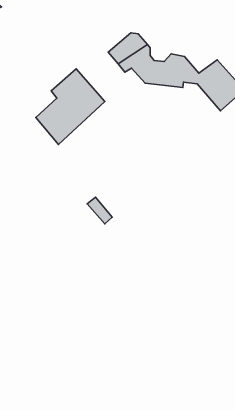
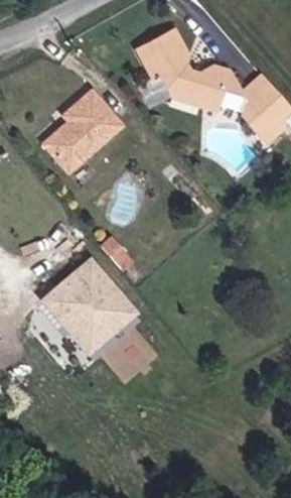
building: none -> [32,254,135,357]

